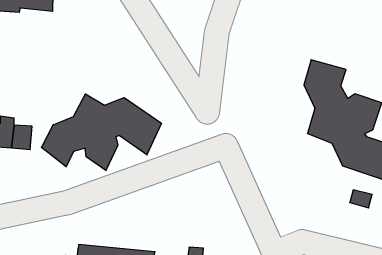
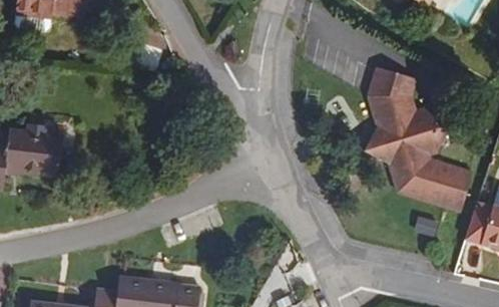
building: [41,94,161,171] -> none

